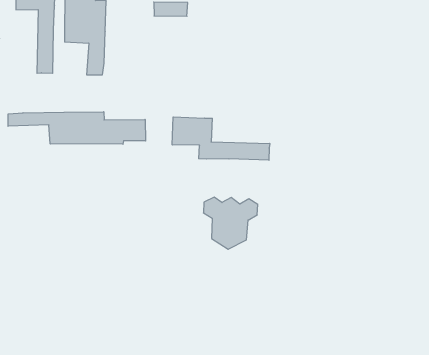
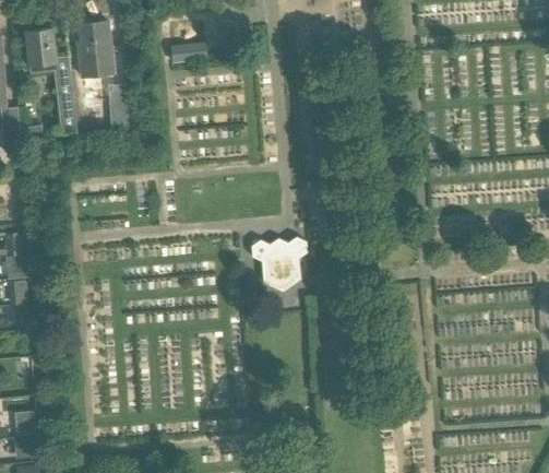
building: [8,112,146,144] -> none
building: [172,117,270,160] -> none

